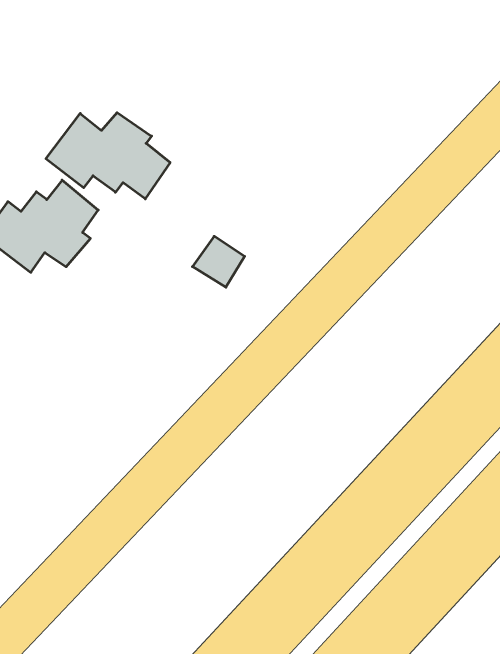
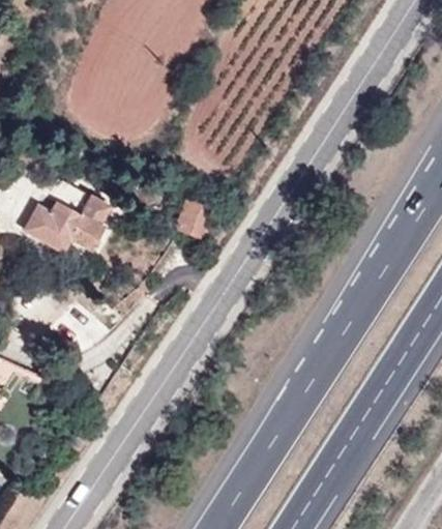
building: [46,113,170,199] -> none

